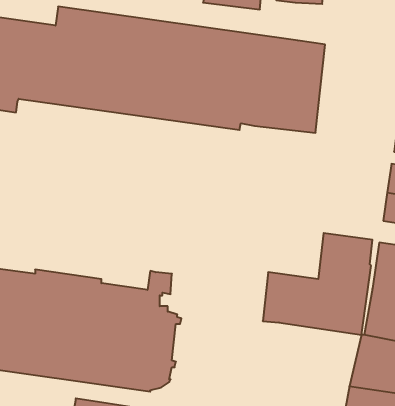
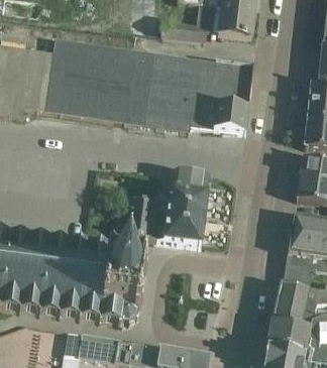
building: [263,233,372,335] -> [127,170,209,246]

